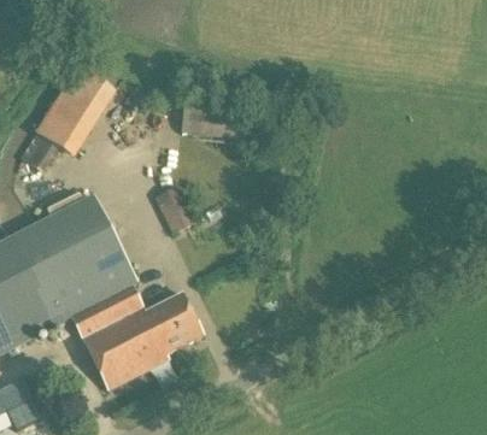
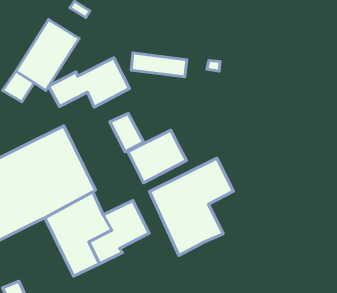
building: none -> [49,58,130,107]
building: none -> [128,130,187,183]
building: none -> [150,158,234,256]

